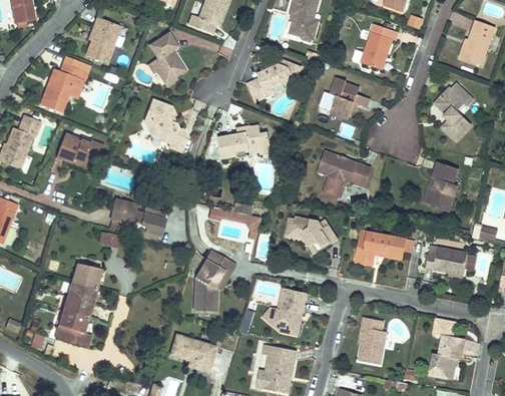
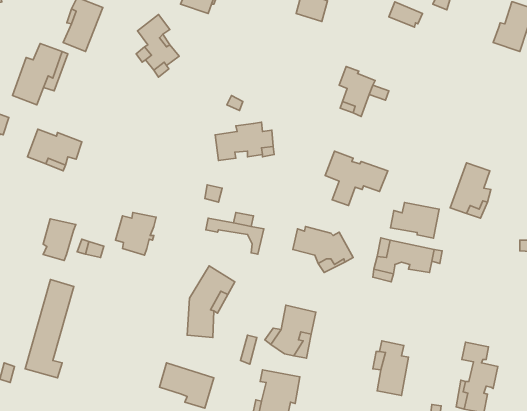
building: [359,35,391,68] -> none
building: [248,61,302,102] -> none
building: [433,83,473,140] -> none
building: [145,100,185,153] -> none
building: [112,197,140,234] -> [43,219,76,260]
building: [427,246,469,277] -> [390,202,439,238]

